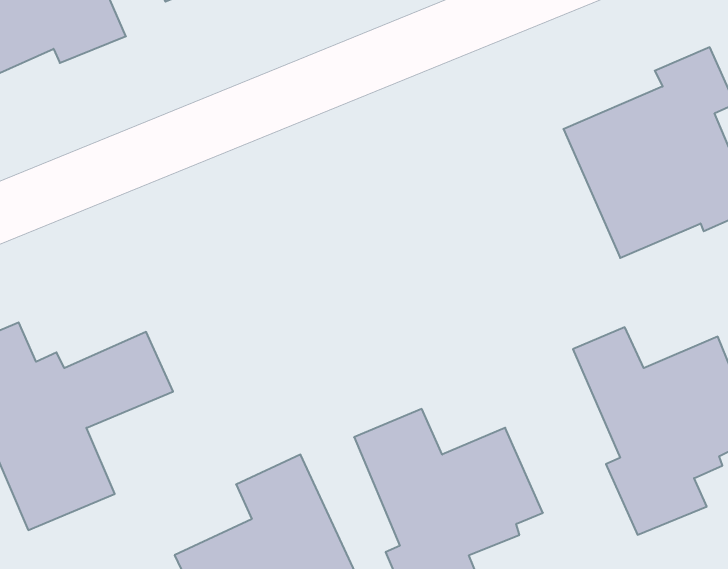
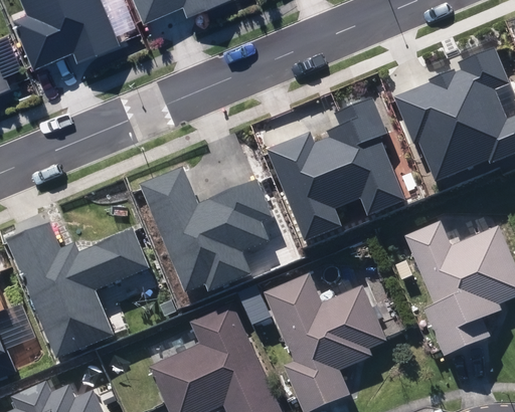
building: none -> [266,95,404,240]
building: none -> [140,166,272,290]

